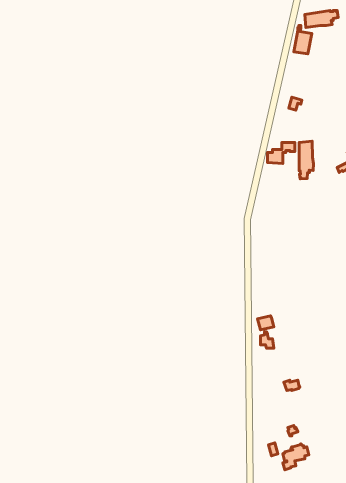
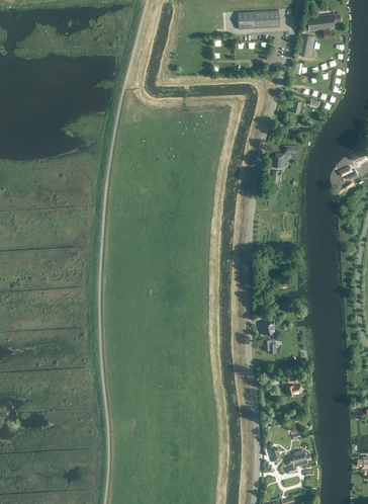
building: none -> [238,10,279,27]
building: [299,141,313,179] -> none

